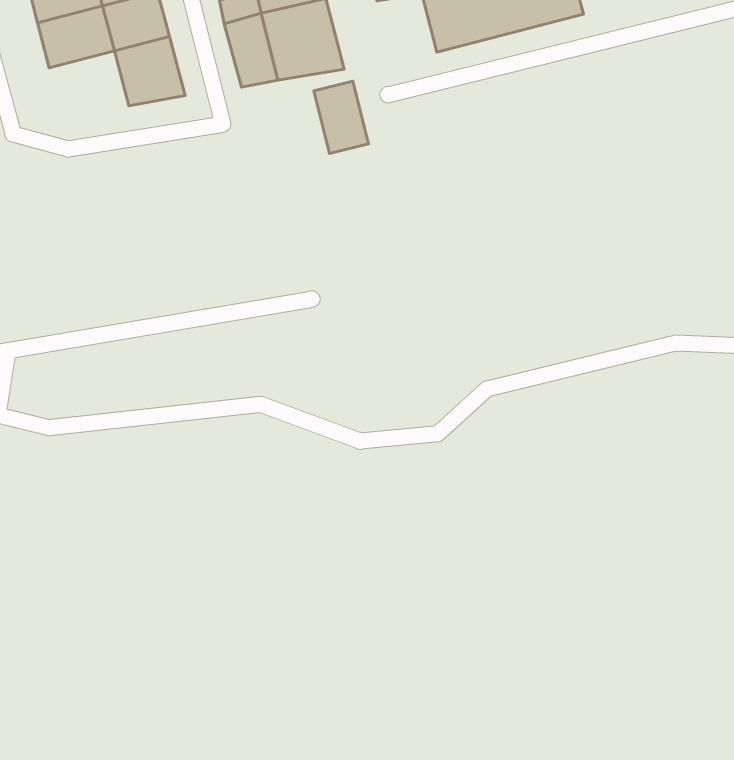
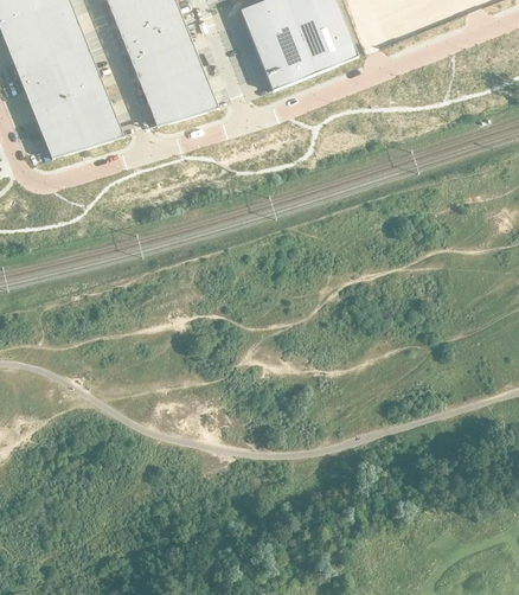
building: none -> [40,114,91,158]
building: [314,81,369,153] -> none

